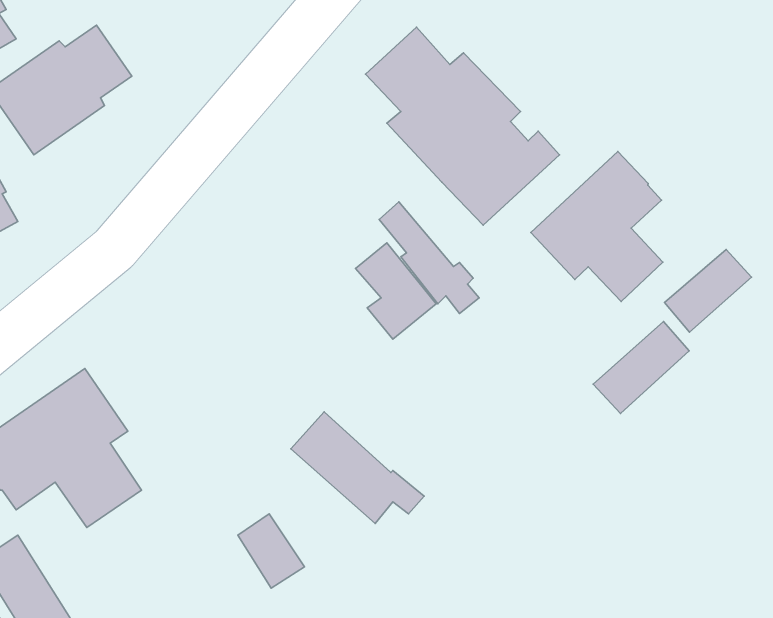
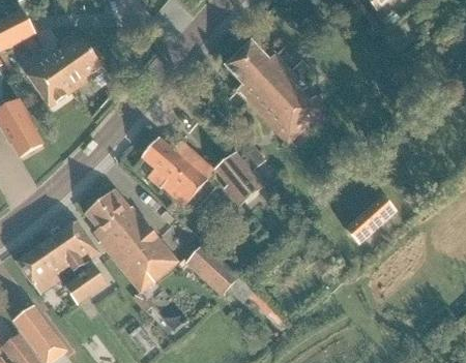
building: [531,151,663,302] -> none
building: none -> [141,137,214,206]
building: [664,249,751,332] -> none
building: none -> [84,188,179,295]

